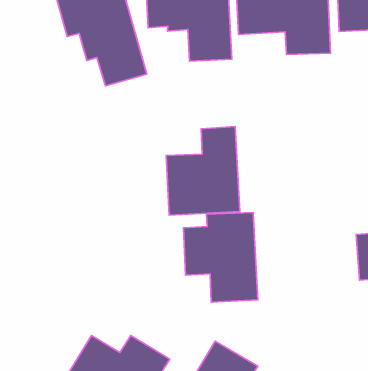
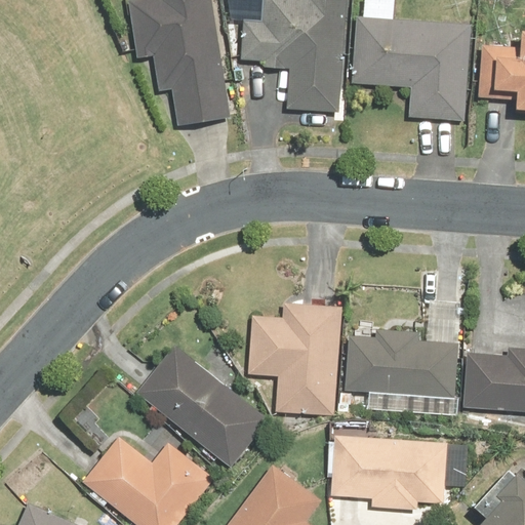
building: [166,126,240,215] -> none
building: none -> [345,328,457,398]
building: none -> [135,345,270,468]
building: none -> [331,434,448,511]

